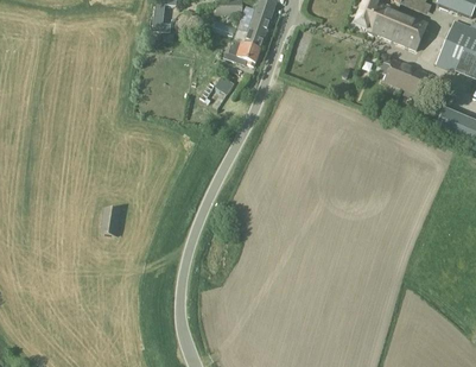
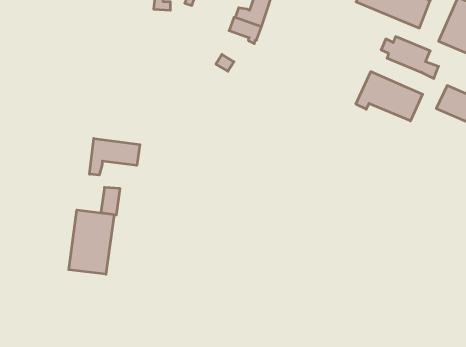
building: none -> [356,72,423,121]
building: none -> [90,138,140,175]
building: none -> [69,210,114,274]

